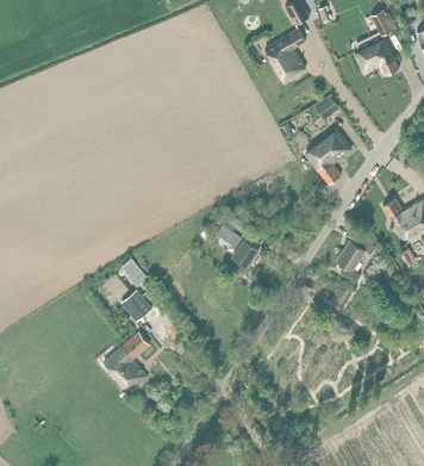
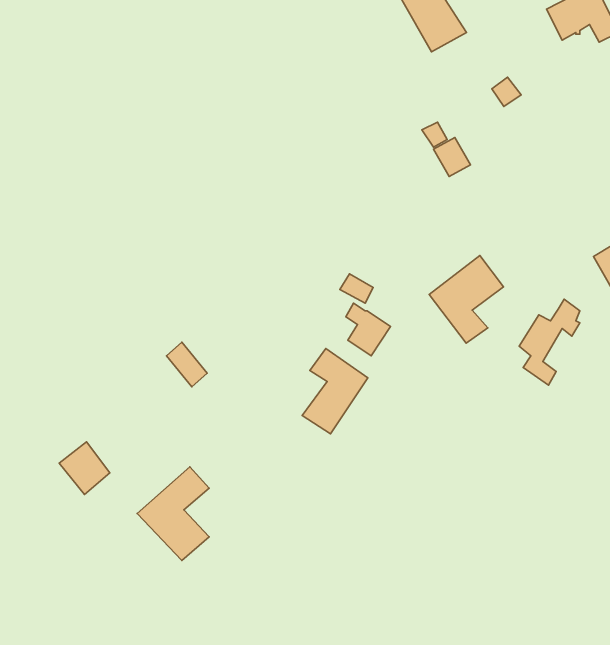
building: [306,130,351,184] -> [429,256,503,343]
building: none -> [302,349,368,434]
building: [121,288,152,321] -> [59,442,110,494]

